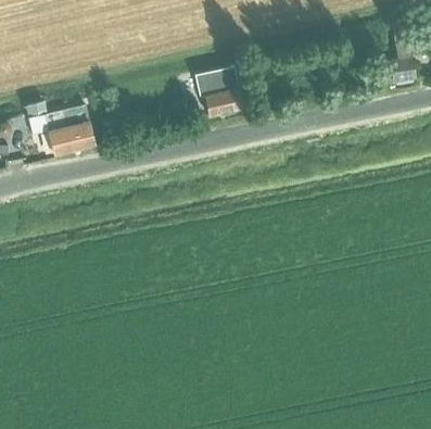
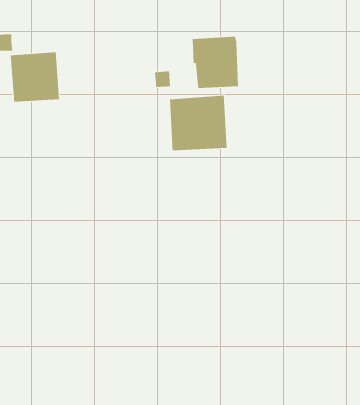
building: none -> [170,95,227,151]

